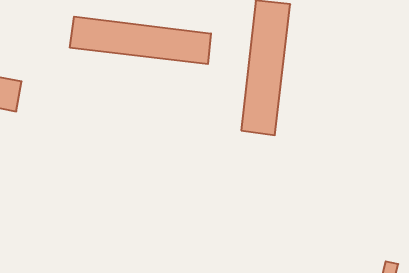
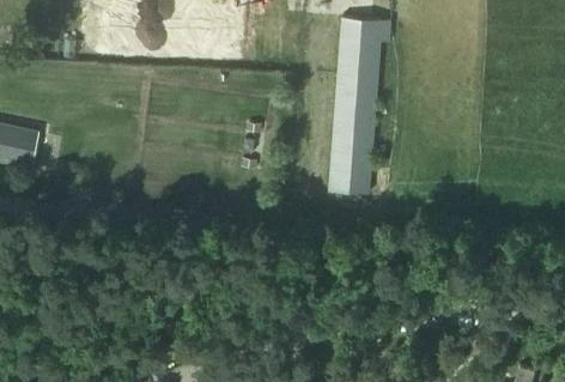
building: [70,17,211,64] -> none

